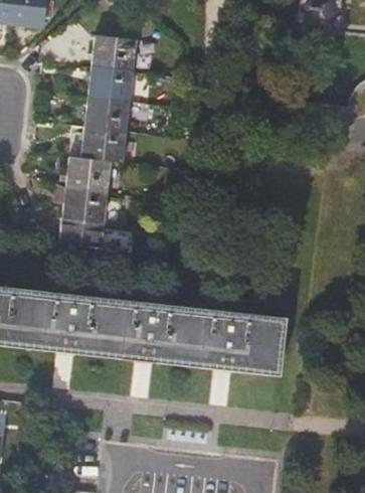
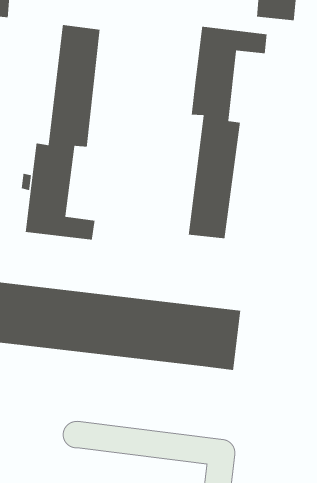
building: none -> [188,26,267,239]

